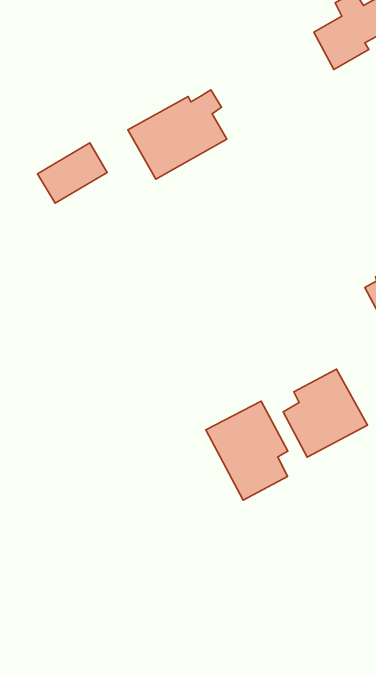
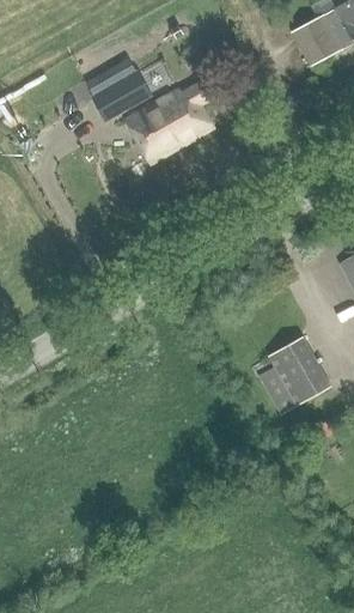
building: [38,143,107,203] -> [89,68,151,122]
building: [206,401,288,500] -> none

